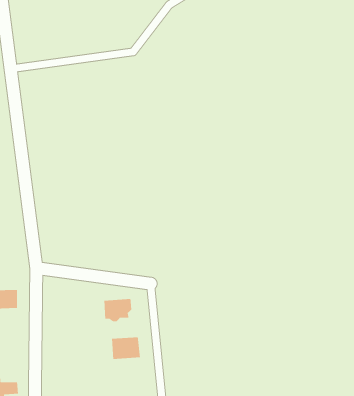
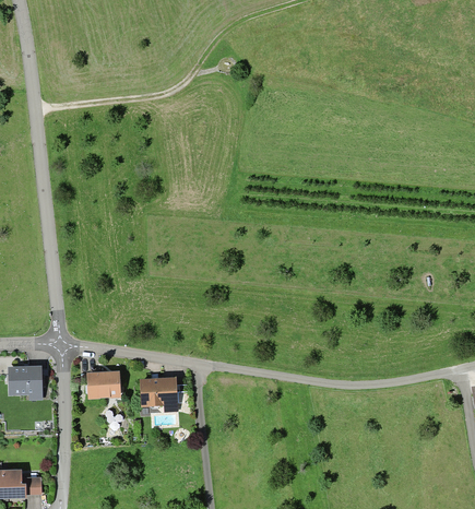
building: none -> [86,371,119,396]
building: [111,336,141,360] -> none

